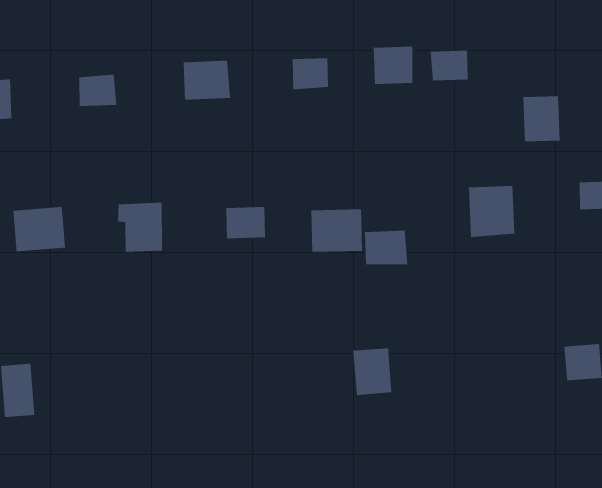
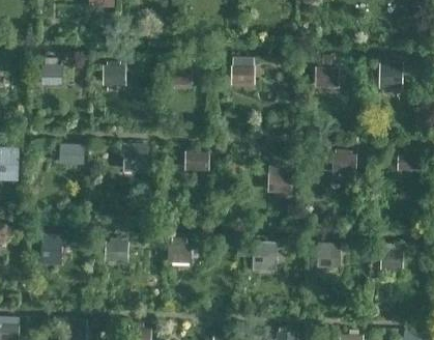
building: [373,46,413,85] -> none
building: [522,96,560,142] -> [378,61,401,89]
building: [311,209,362,253] -> none
building: none -> [316,242,339,268]
building: none -> [166,239,192,263]
building: none -> [109,242,131,268]

